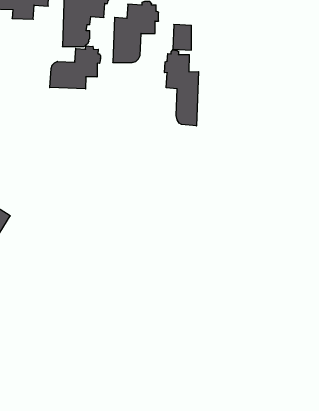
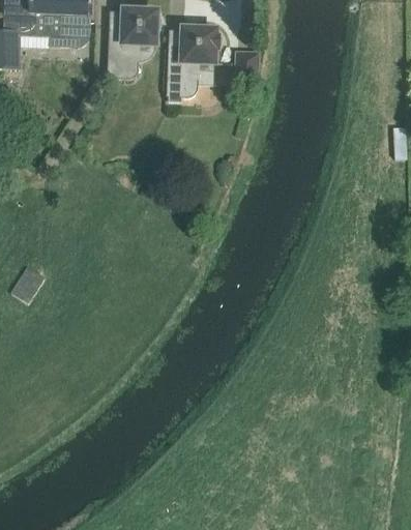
building: [50,46,101,89] -> none
building: [165,50,198,126] -> none

